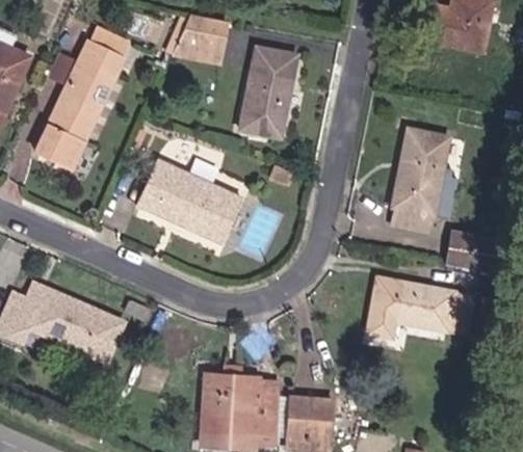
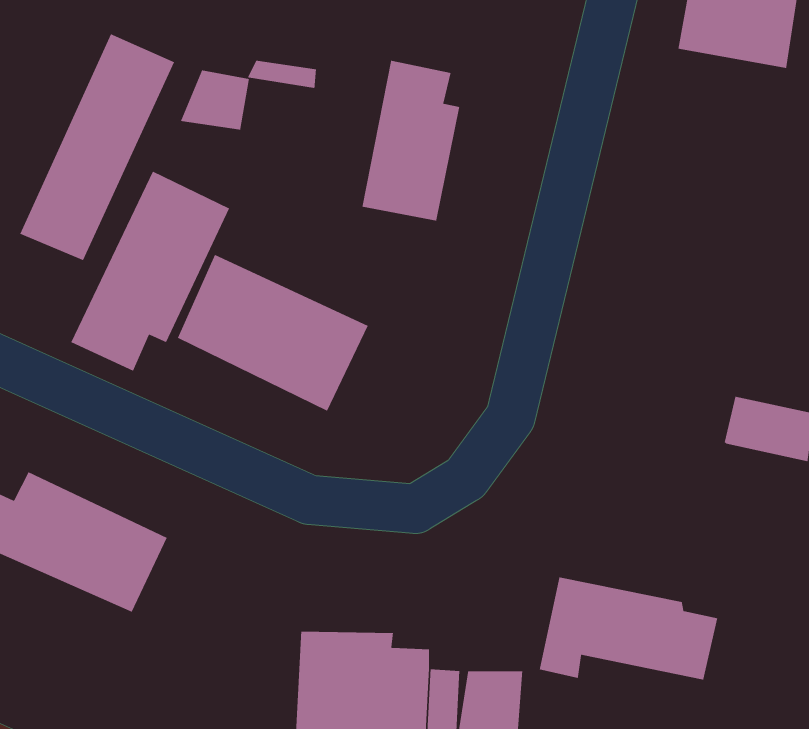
building: [177,15,217,50] -> [180,69,250,131]
building: none -> [70,171,230,372]
building: [395,129,459,231] -> none
building: [365,273,469,334] -> [539,577,718,681]

